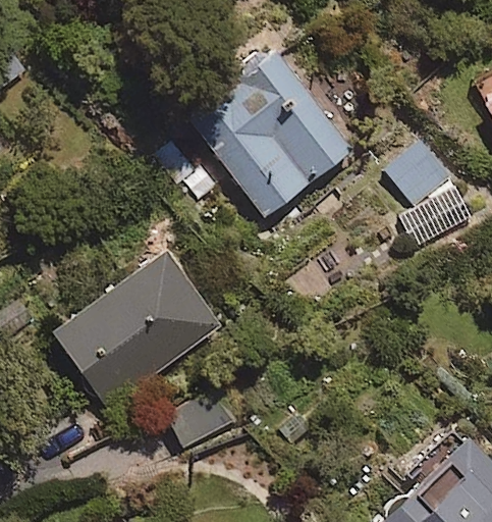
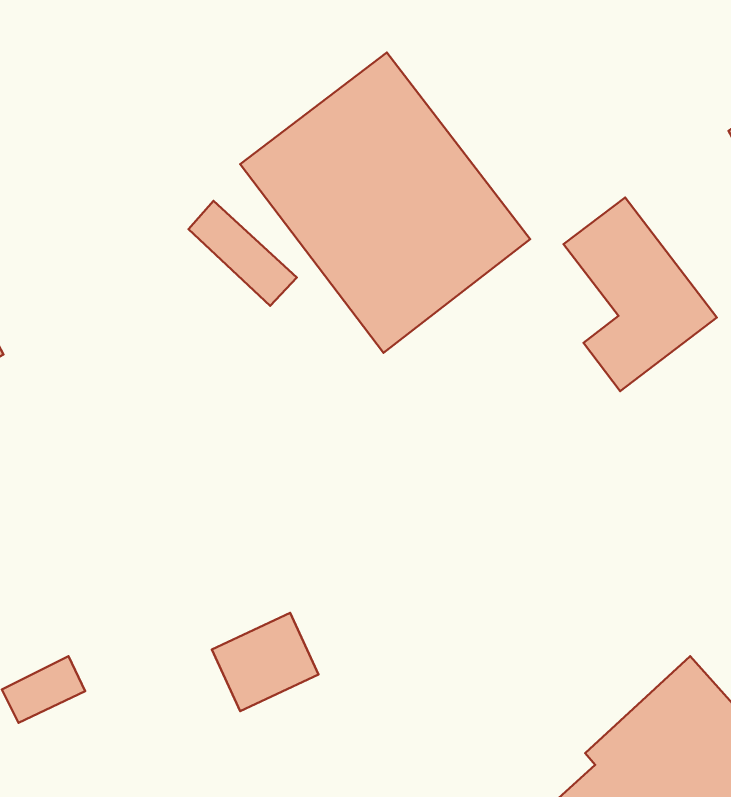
building: [49,245,221,408] -> none

